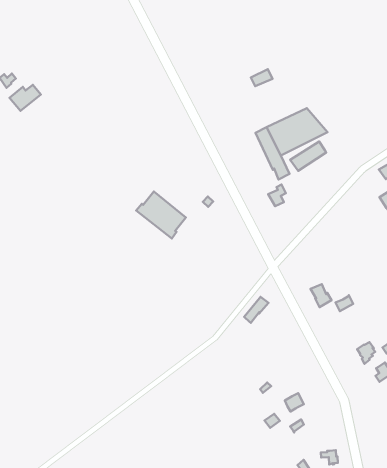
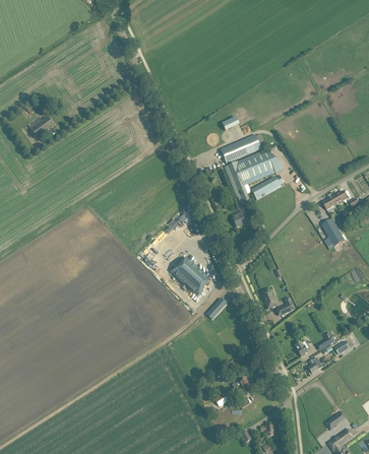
building: none -> [221,134,261,164]
building: [136,192,186,238] -> [172,256,211,295]

